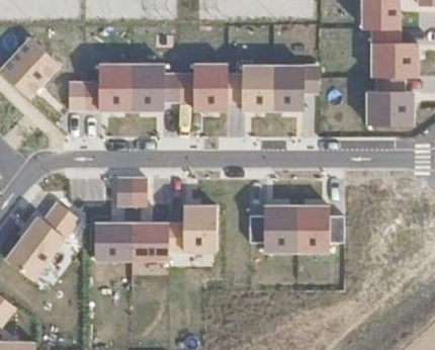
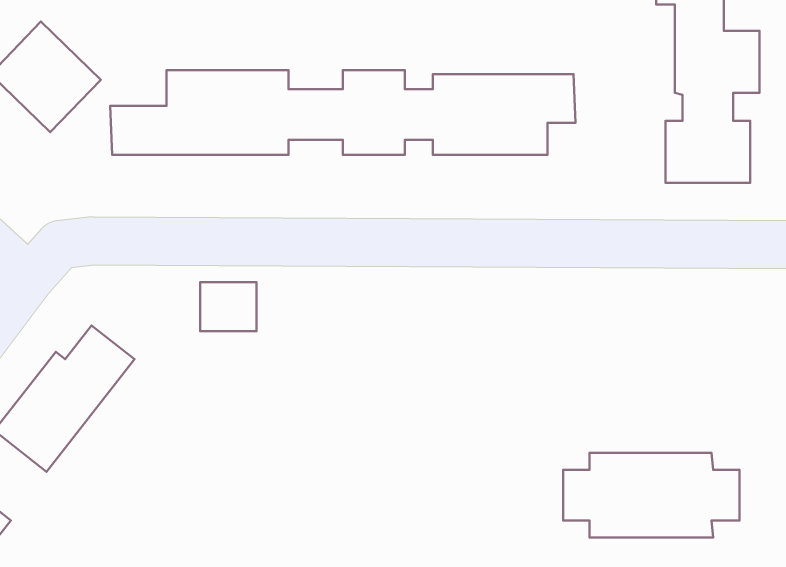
building: [94,206,214,258] -> none
building: [248,206,343,252] -> [563,453,740,537]

